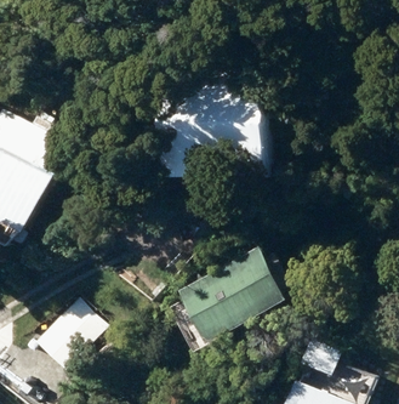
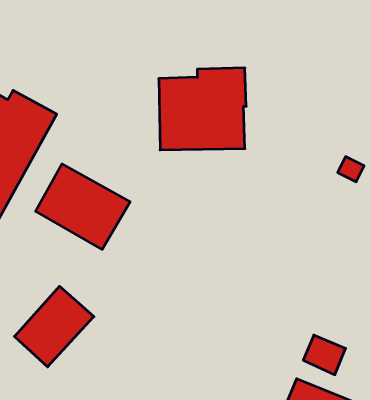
building: none -> [36,164,130,249]
building: [175,246,285,347] -> none

